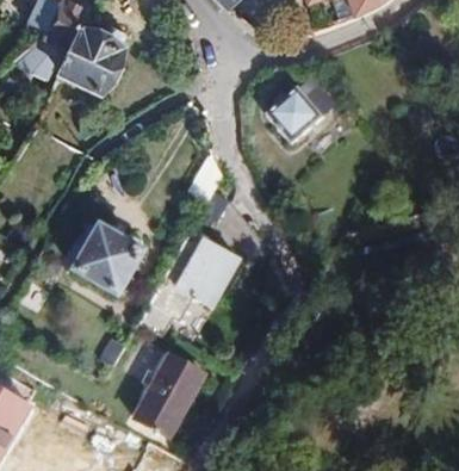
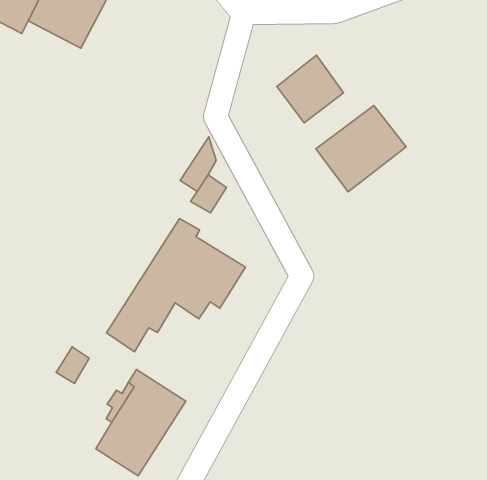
building: none -> [316,105,406,192]
building: [73,224,145,297] -> none

